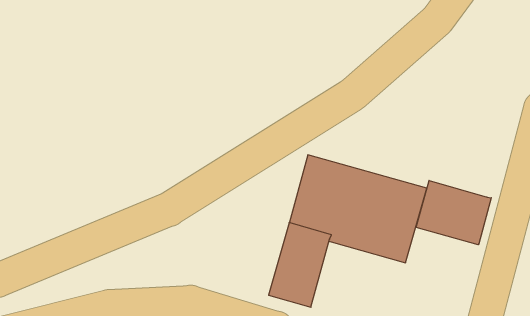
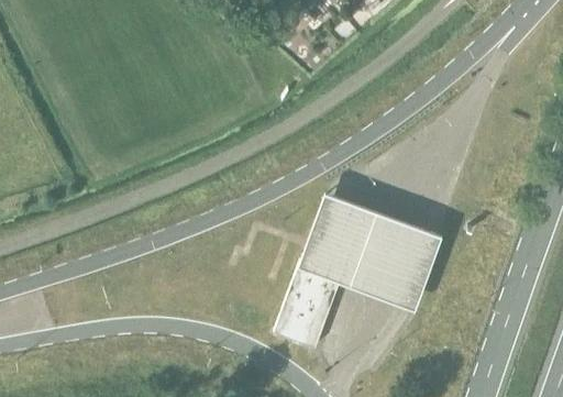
building: [416,180,491,245] -> none

